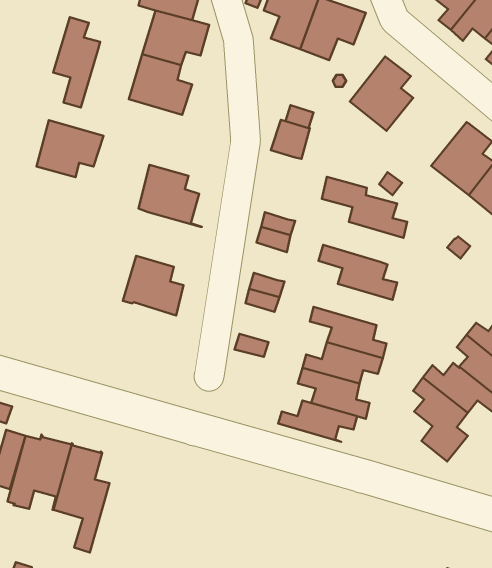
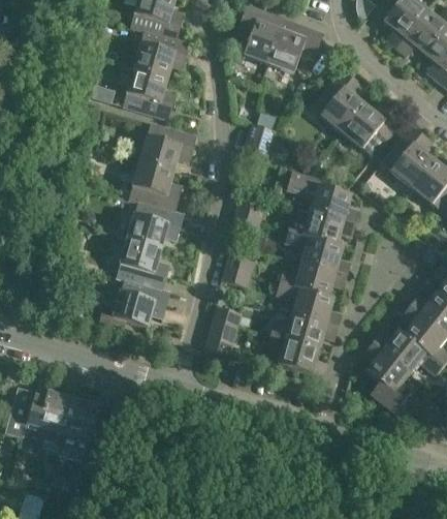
building: [53,17,100,107] -> none
building: none -> [341,101,402,156]
building: [37,120,103,177] -> [139,122,196,171]
building: none -> [128,202,183,248]
building: none -> [287,210,355,244]
building: none -> [96,278,169,333]
building: none -> [203,318,236,353]
building: [278,400,357,442] -> [279,263,346,298]

